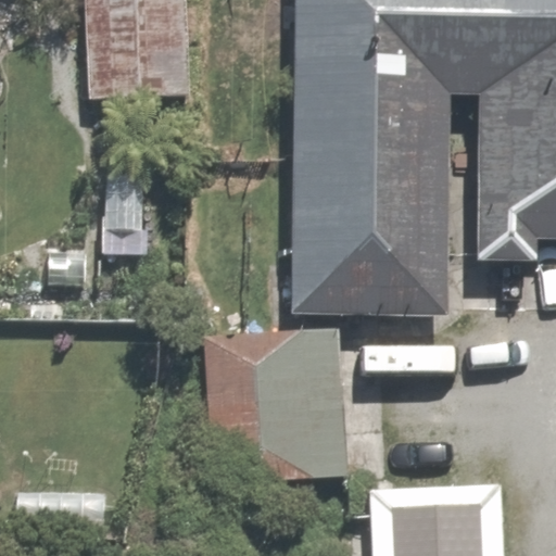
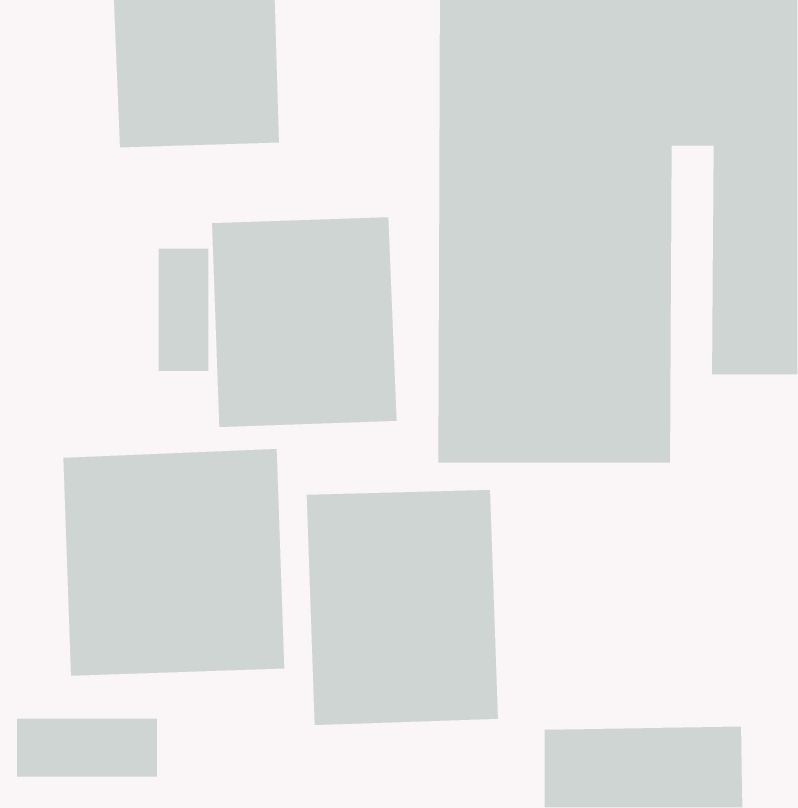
building: none -> [211,216,398,428]
building: none -> [63,448,285,677]

